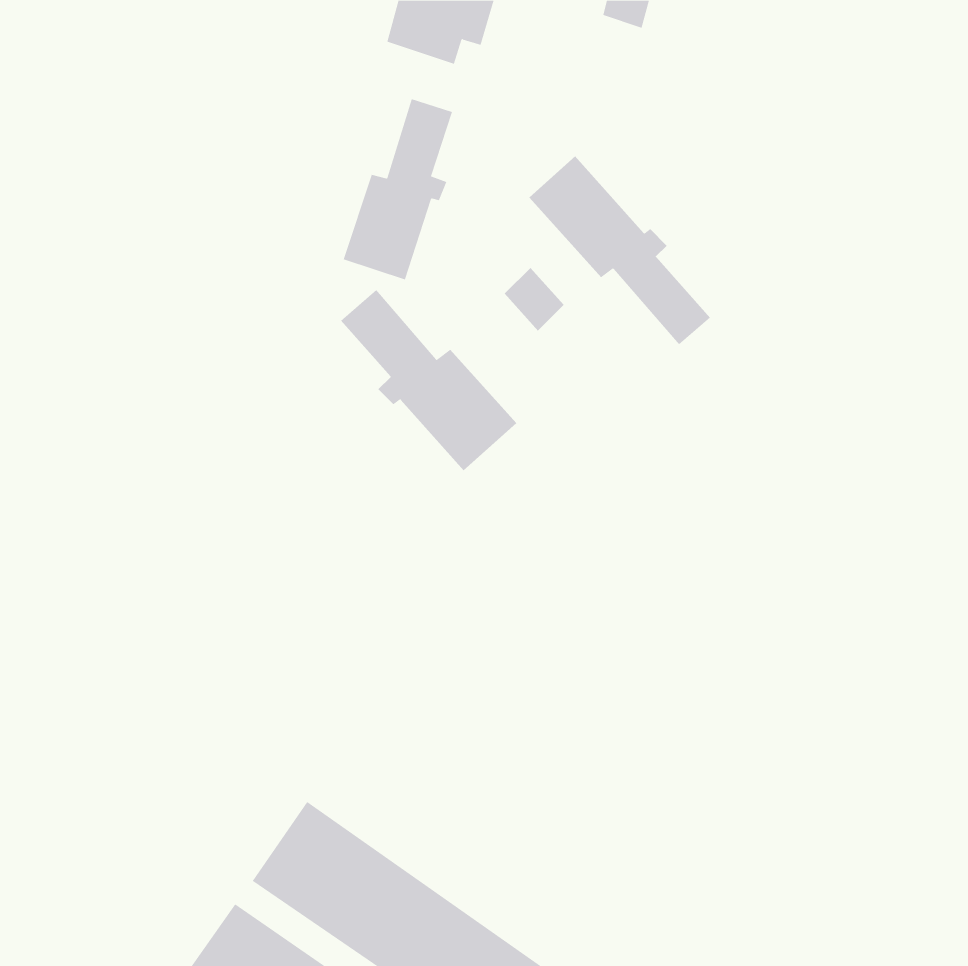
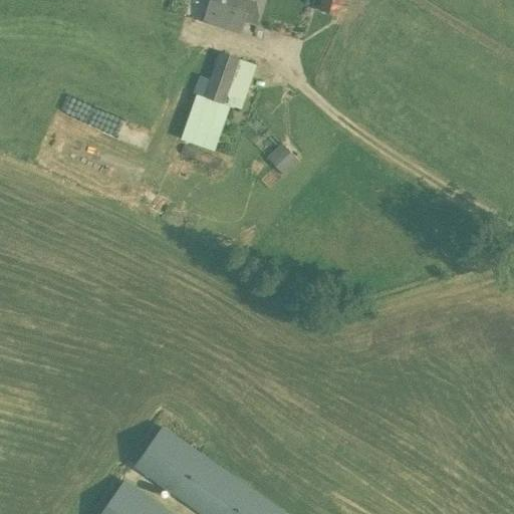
building: [529,155,711,345] -> none
building: [340,289,517,471] -> none

